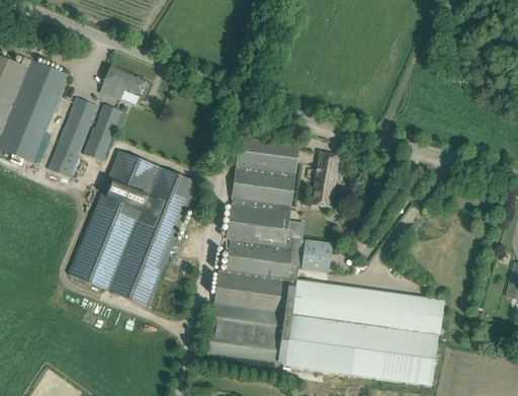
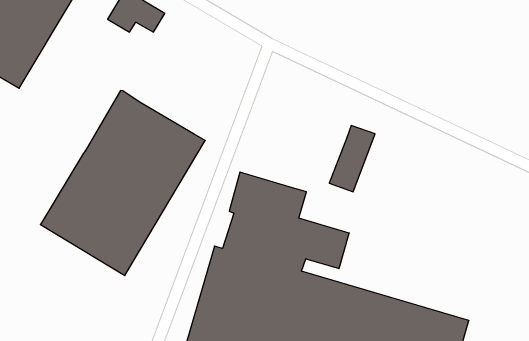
building: [48,96,97,175] -> none
building: [83,103,121,161] -> none
building: [232,136,298,205] -> none

